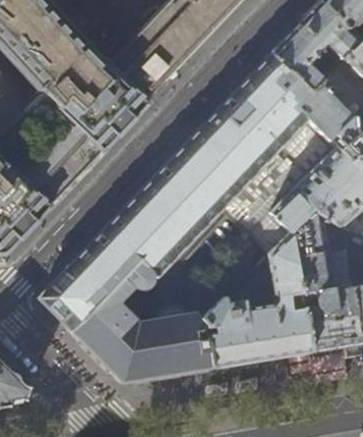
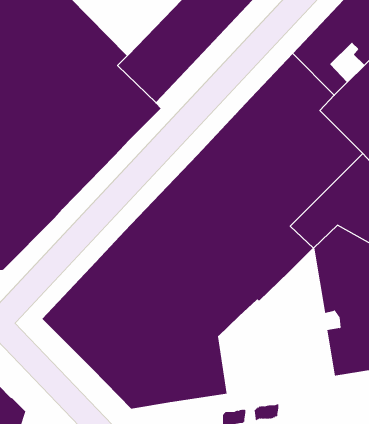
building: [202,235,309,370] -> none

